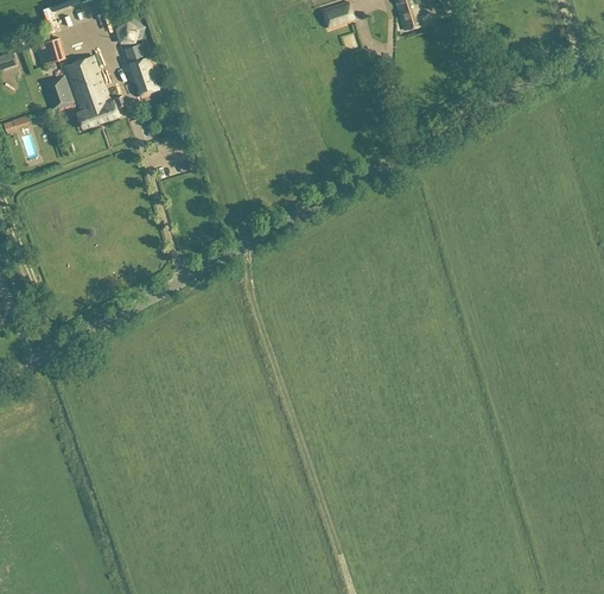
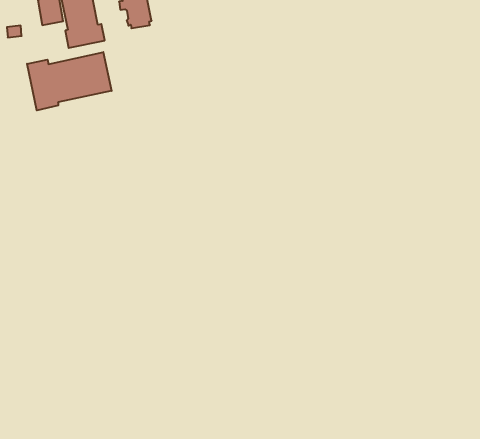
building: none -> [27,52,112,110]

